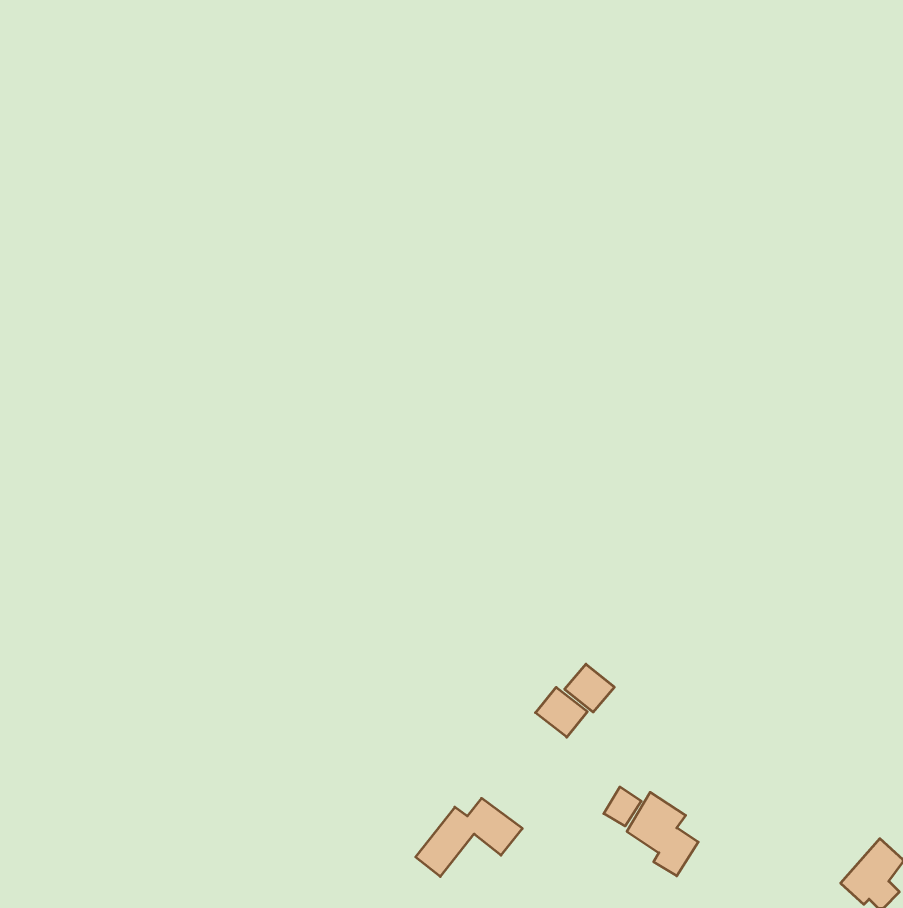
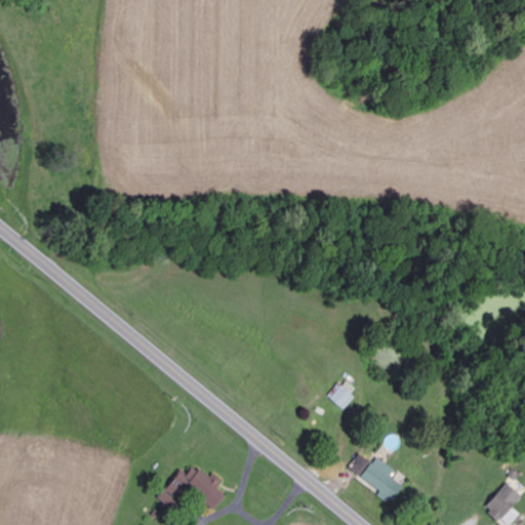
building: [535,687,587,737] -> none
building: [416,798,522,877] -> [157,465,218,510]

